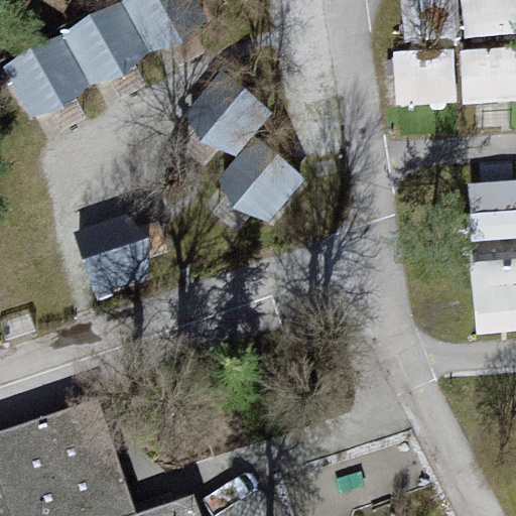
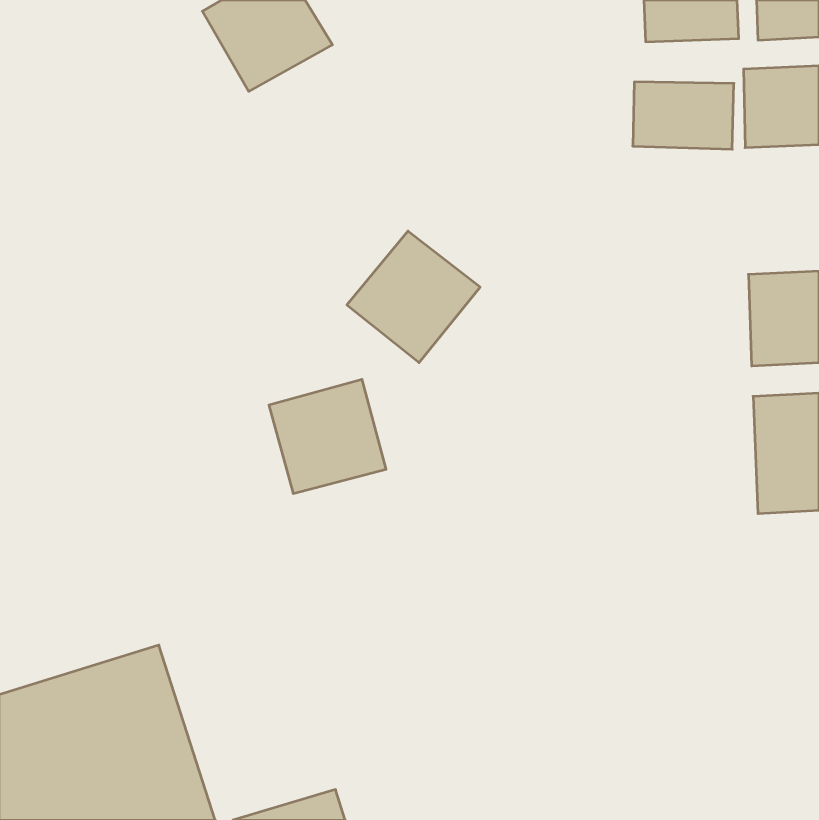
building: [69,11,150,91] -> none
building: [8,44,90,124] -> none
building: [185,69,269,152] -> none
building: [75,221,148,292] -> [269,379,386,493]

